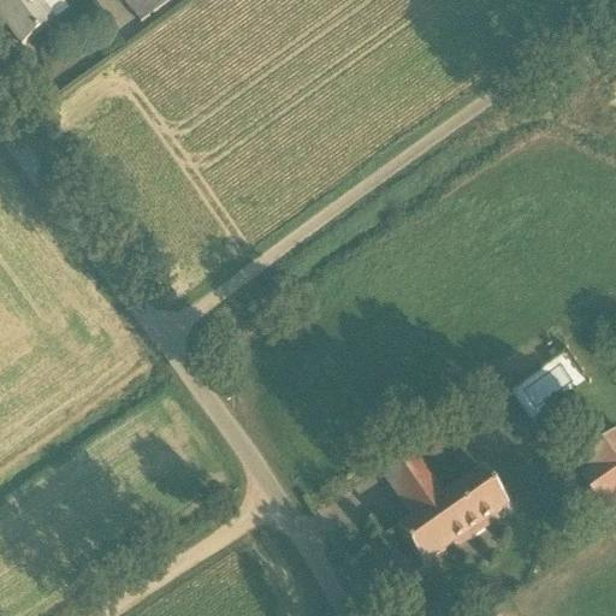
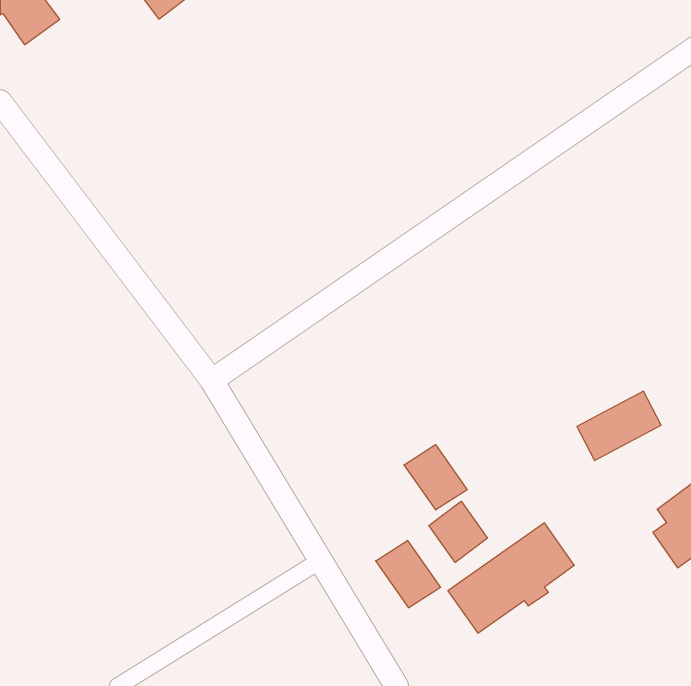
building: none -> [404,445,467,510]
building: none -> [376,540,441,608]

